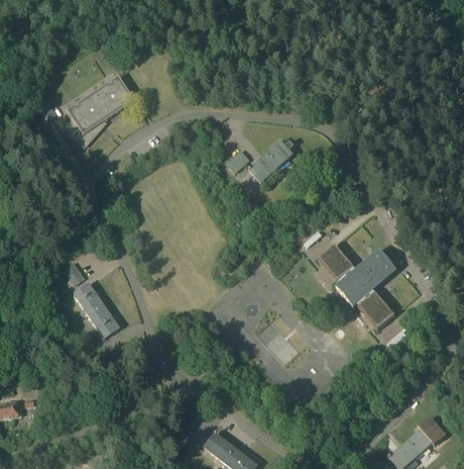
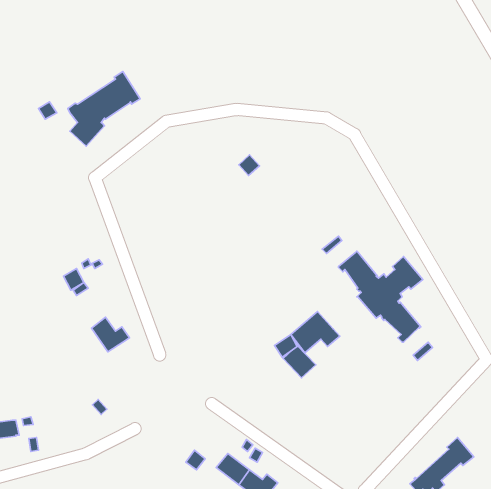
building: [248,140,294,182] -> none
building: [73,284,101,315] -> none
building: none -> [291,312,340,353]

